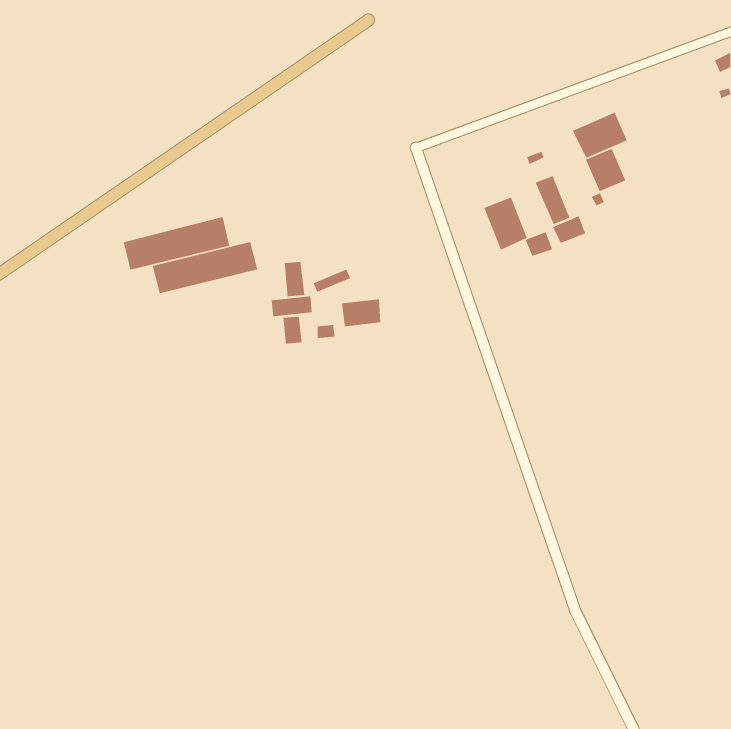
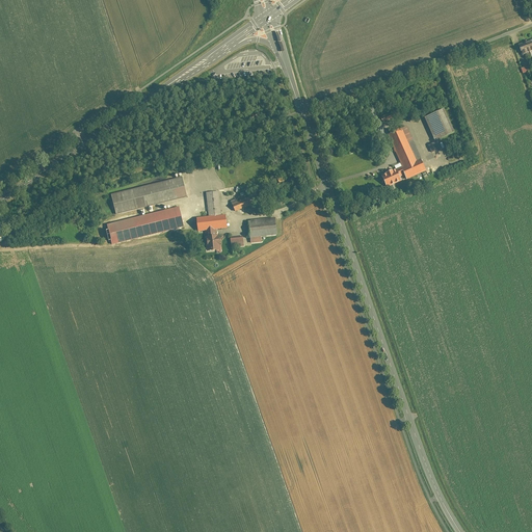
building: [572,111,628,159] -> none
building: [483,196,528,251] -> none
building: [123,216,230,271] -> [105,205,183,244]

